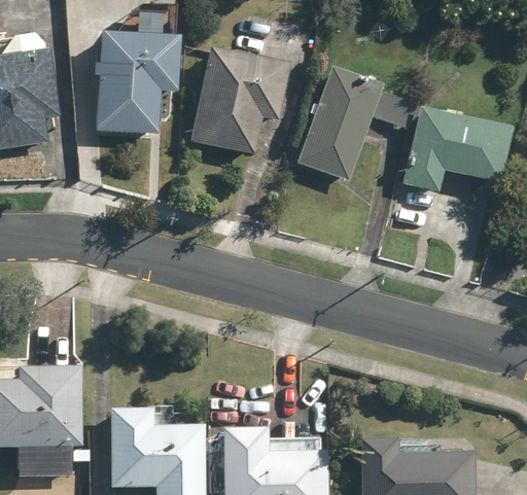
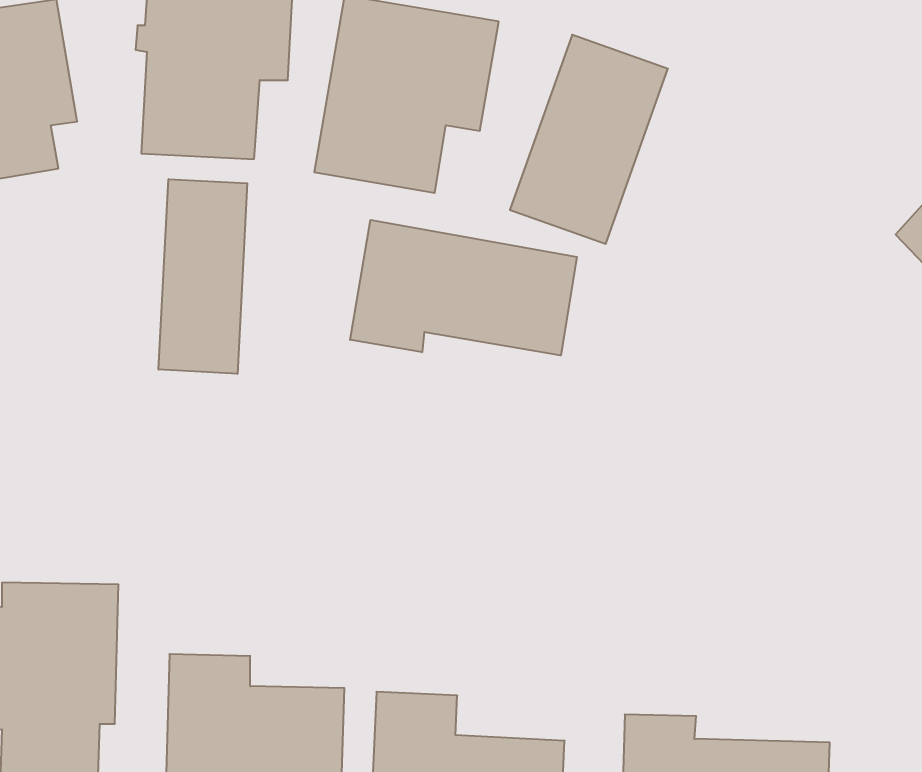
building: [403,107,512,192] -> none
building: none -> [159,179,247,374]
building: none -> [350,220,577,355]

